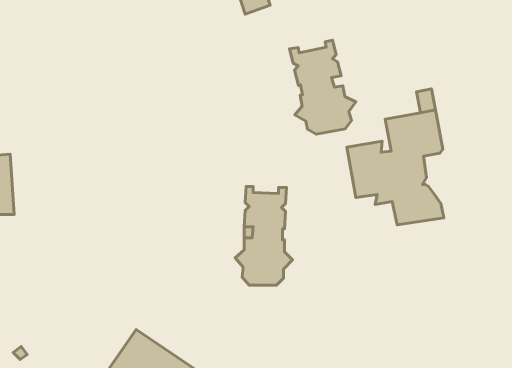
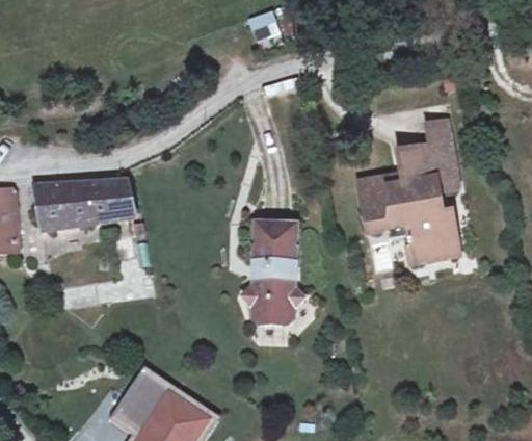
building: [290,40,356,134] -> none
building: none -> [36,182,132,230]

